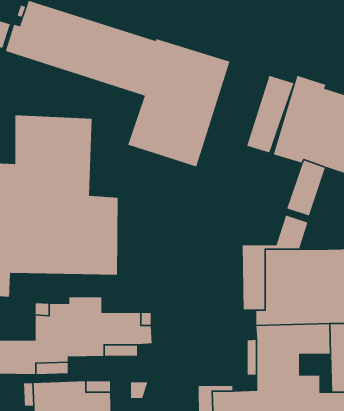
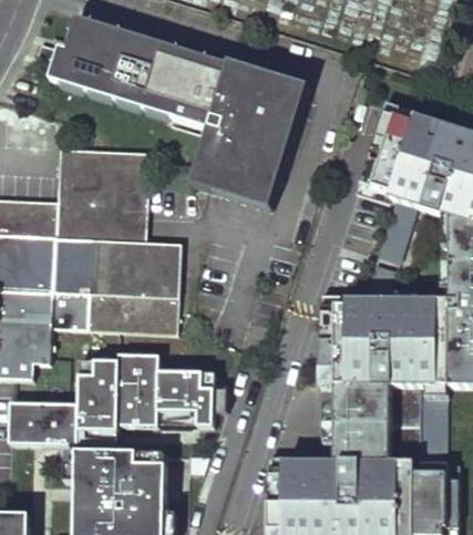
building: [246,75,294,154] -> none

